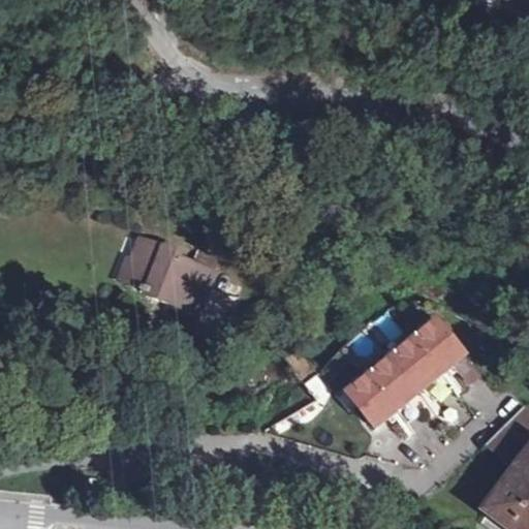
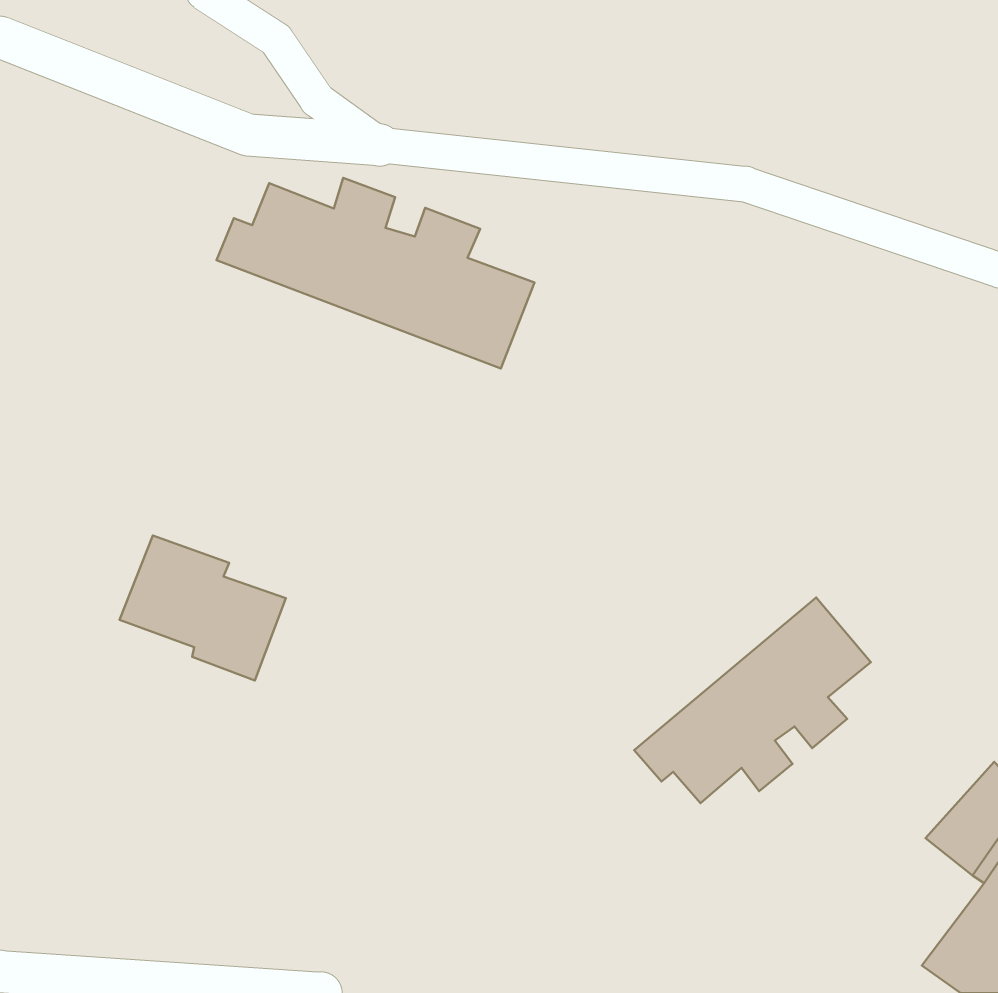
building: none -> [217,178,534,369]
building: [126,236,214,312] -> [120,535,286,680]

